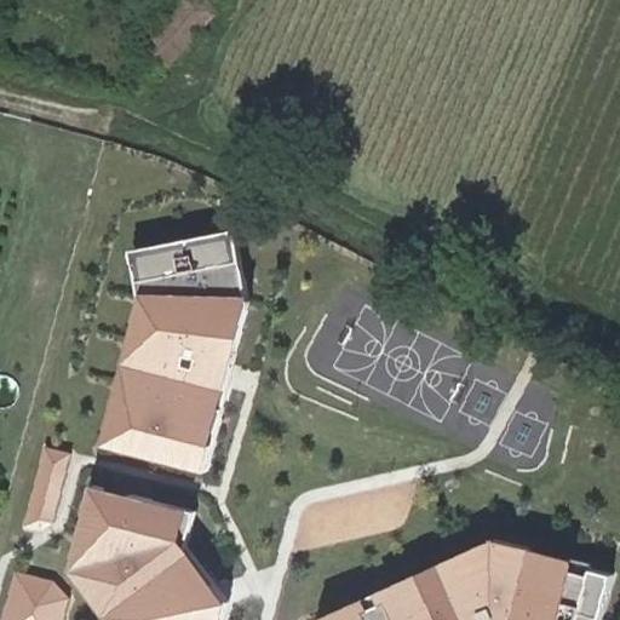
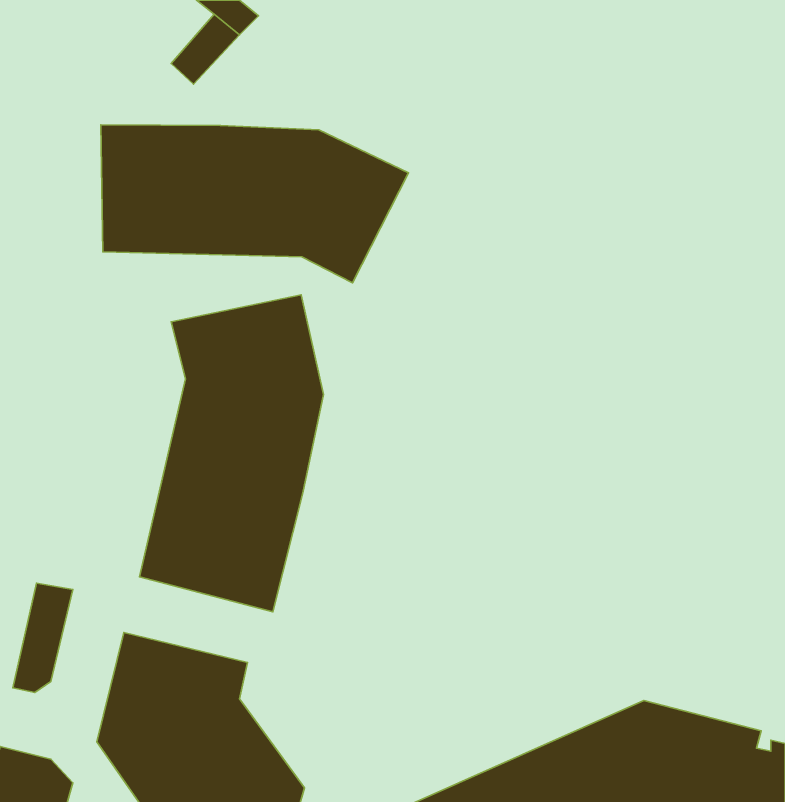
building: none -> [101,125,408,283]

